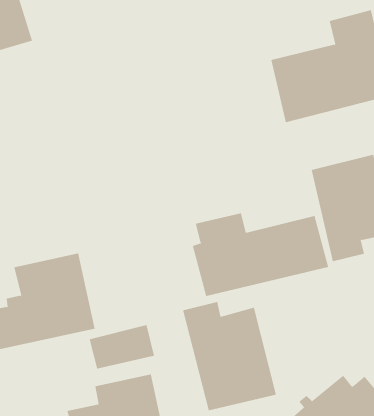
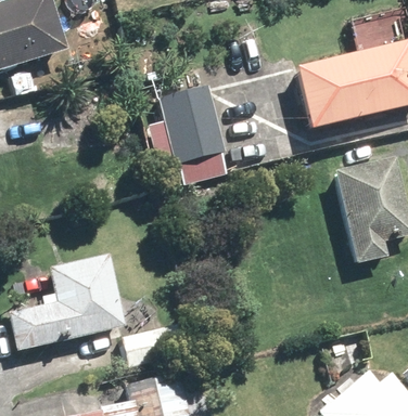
building: none -> [163,106,224,165]
building: [192,212,329,297] -> none
building: [182,301,276,411] -> none

